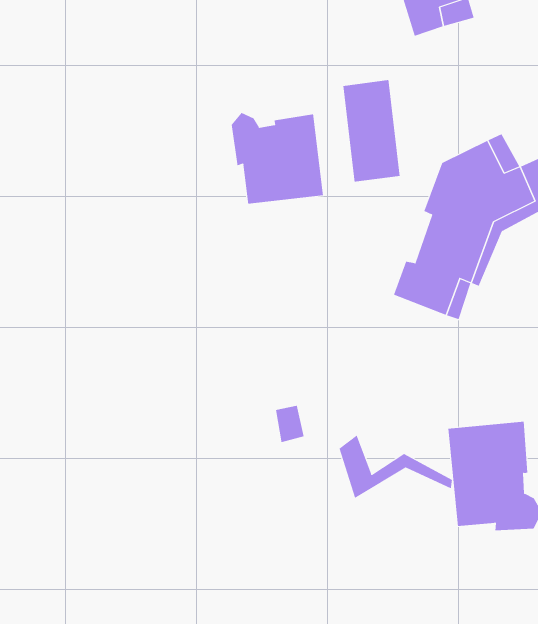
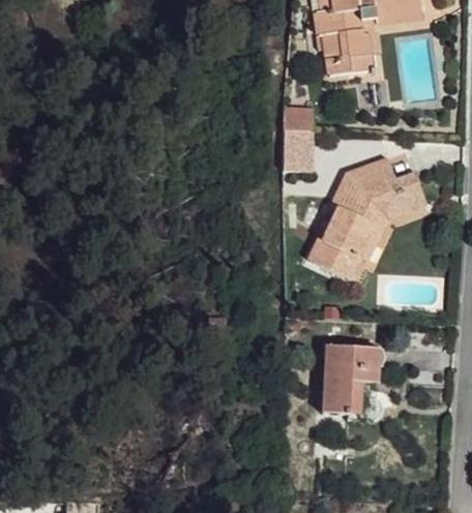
building: [231,112,323,204] -> none
building: [339,435,453,499] -> none

